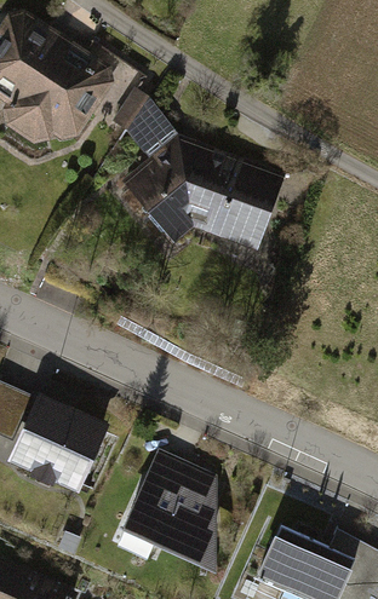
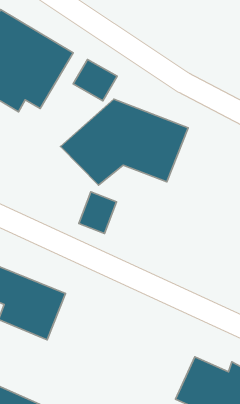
building: none -> [79,192,117,233]
building: [128,442,222,558] -> none

